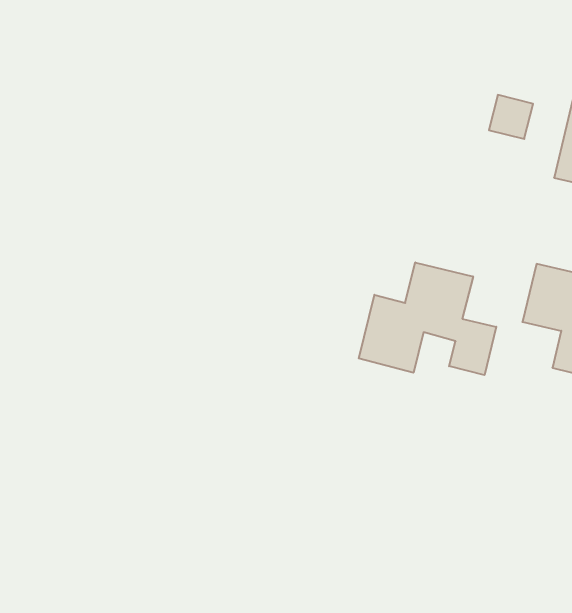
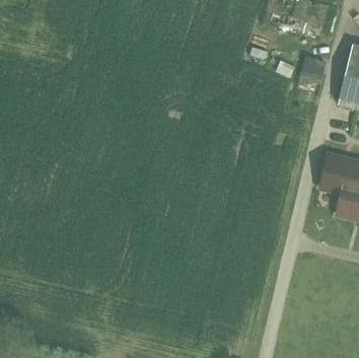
building: [359,262,496,375] -> none

